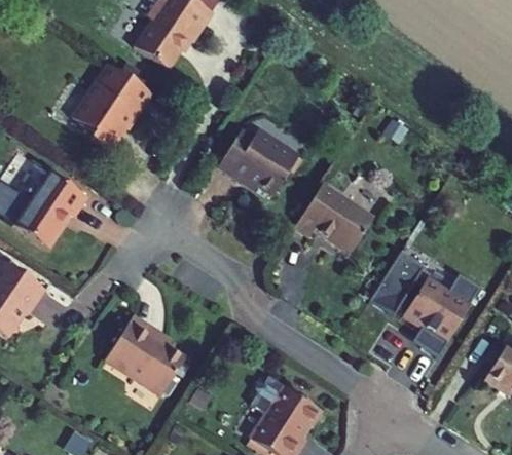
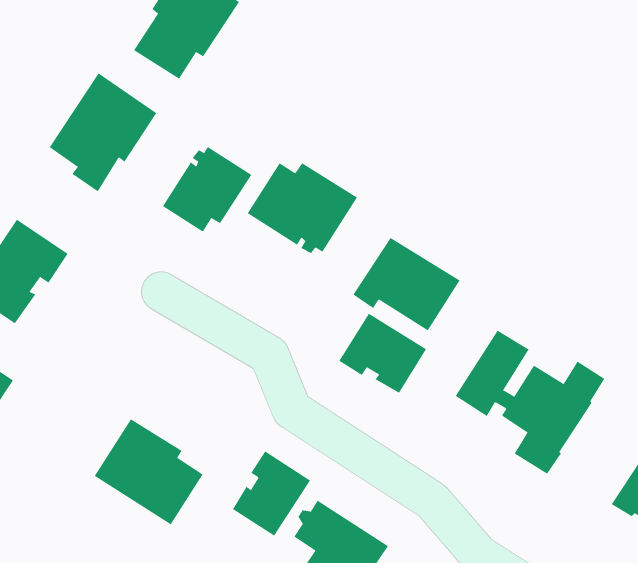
building: none -> [162,146,252,233]
building: none -> [339,313,427,393]
building: none -> [232,451,311,537]

